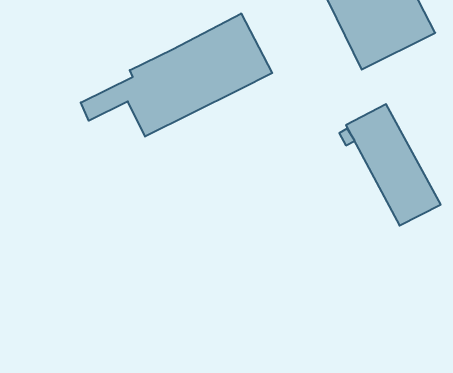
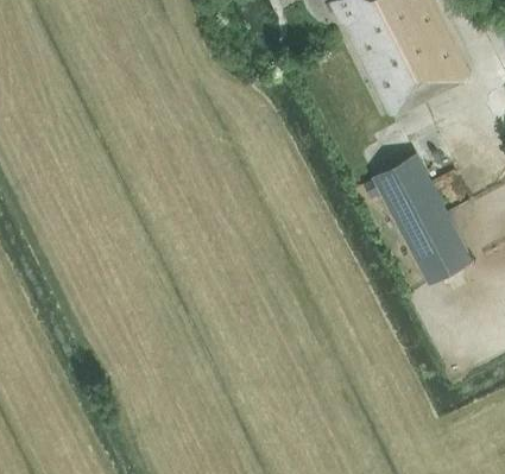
building: [81,13,272,137] -> none

